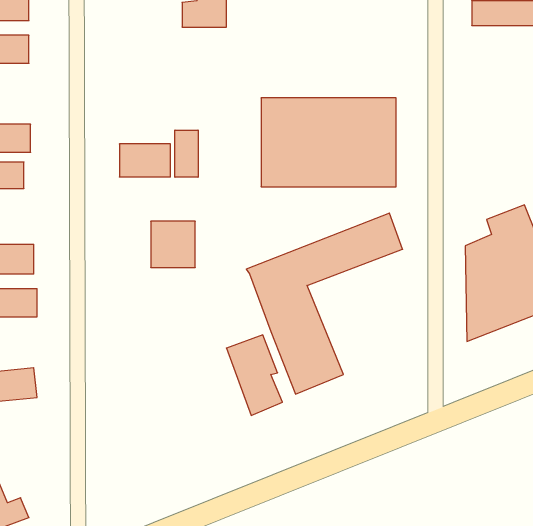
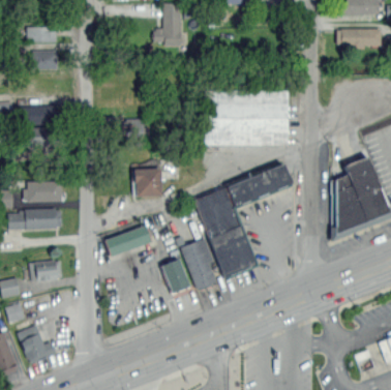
building: [175,130,198,177] -> none
building: none -> [106,226,150,257]
building: none -> [163,261,191,293]

